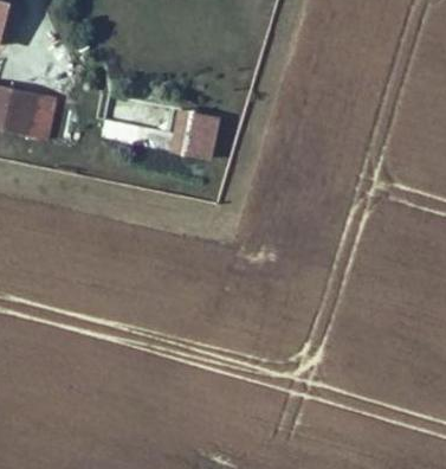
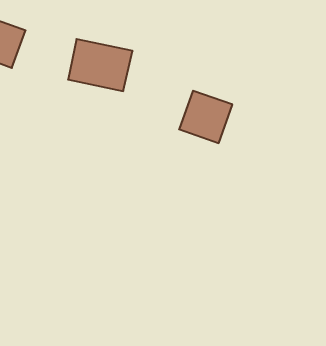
building: [167,109,218,159] -> [179,91,232,143]

